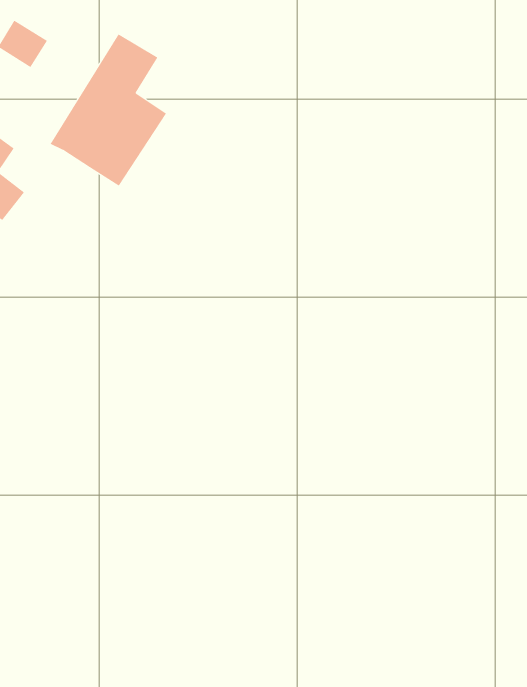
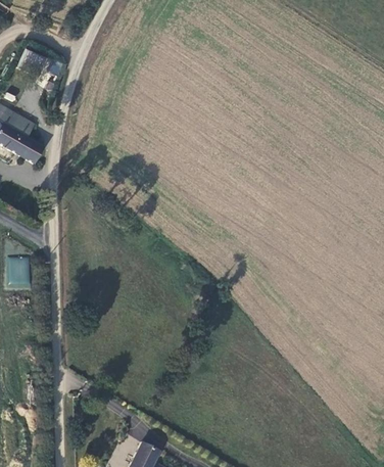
building: [50,33,167,186] -> none

